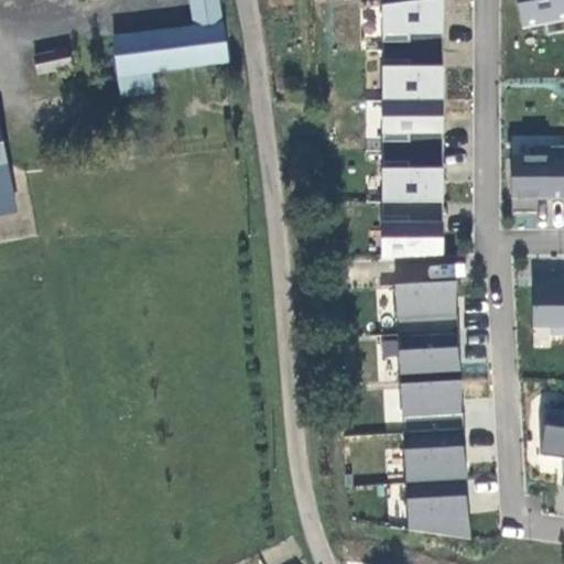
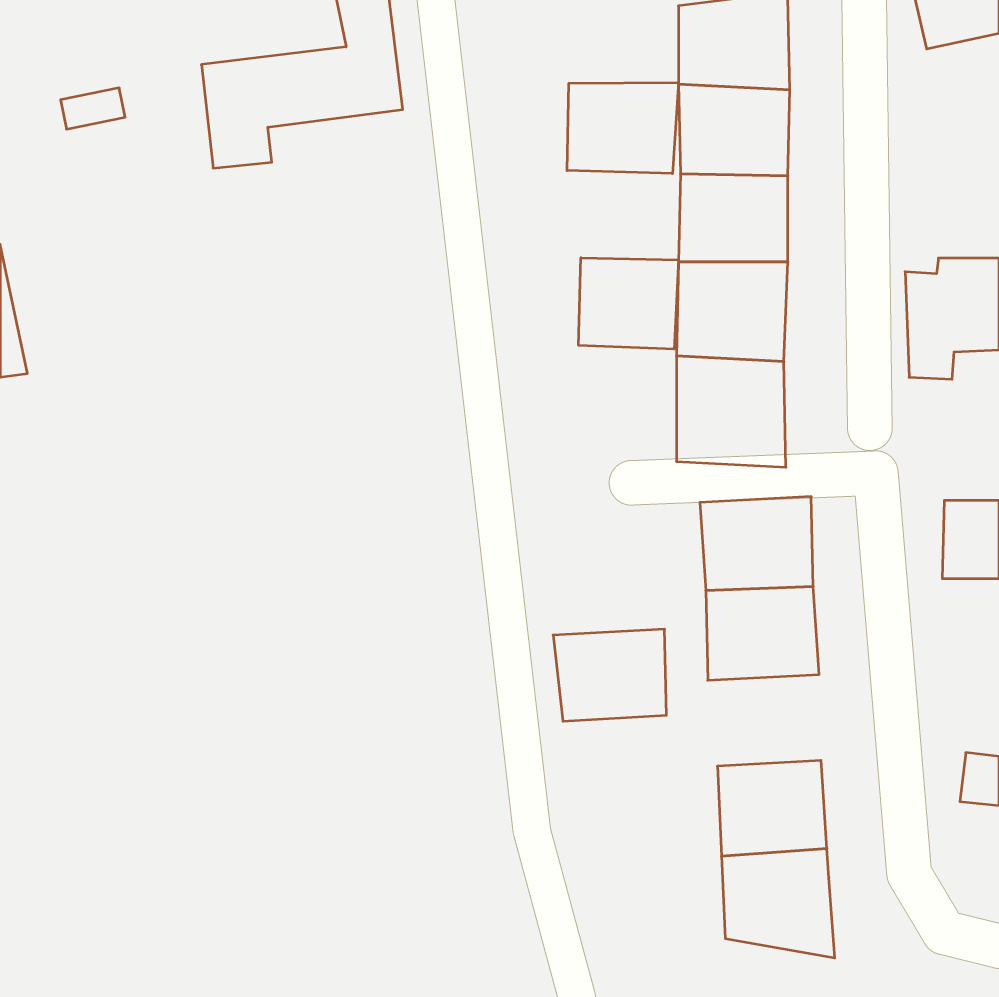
building: none -> [567,82,678,174]
building: none -> [579,258,678,349]
building: [399,380,463,432] -> [553,629,666,721]

